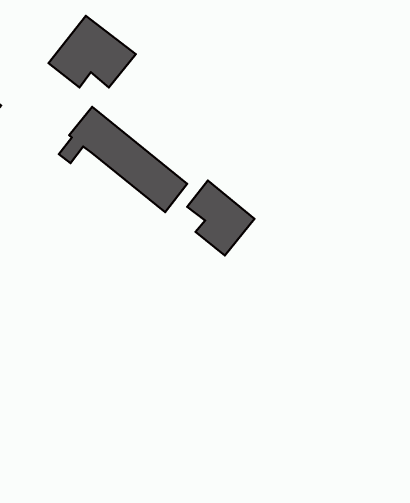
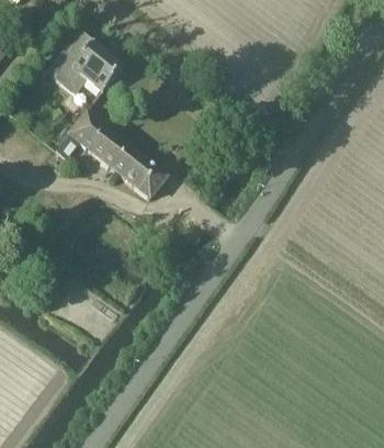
building: [187,180,254,255] -> none

